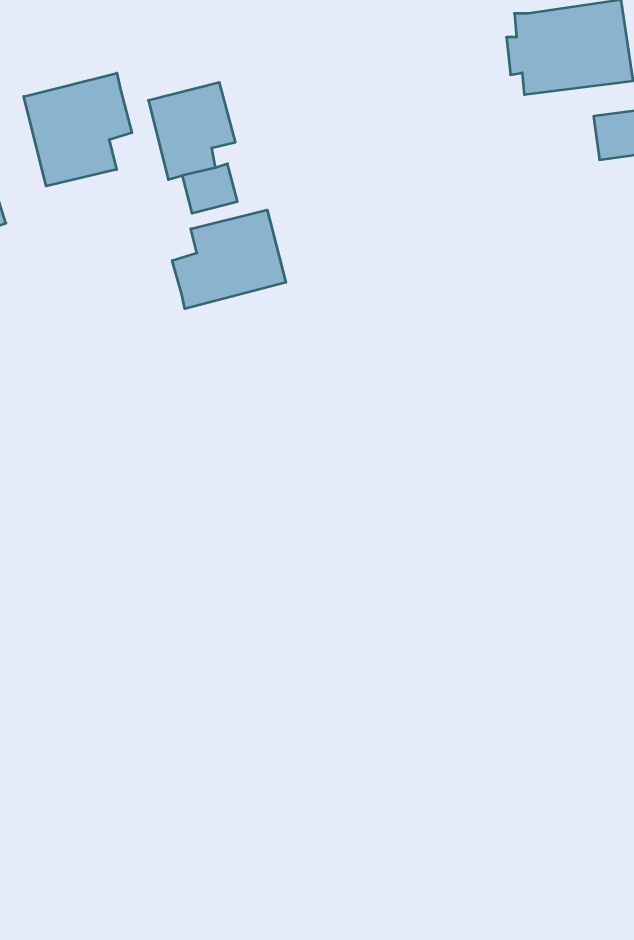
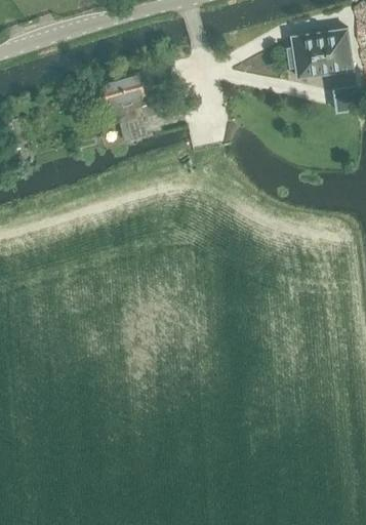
building: [24,73,132,186] -> none
building: [172,210,286,309] -> none

